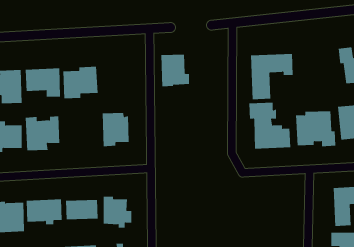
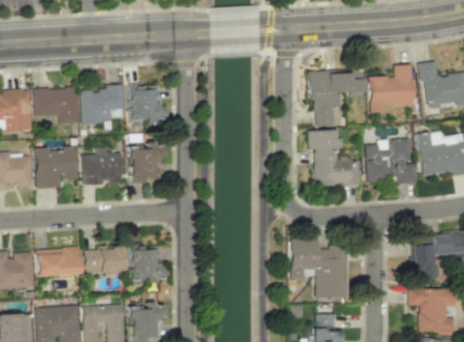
building: none -> [371,65,414,113]
building: [161,54,190,87] -> [129,84,165,124]
building: none -> [82,148,124,185]
building: none -> [292,239,349,299]

